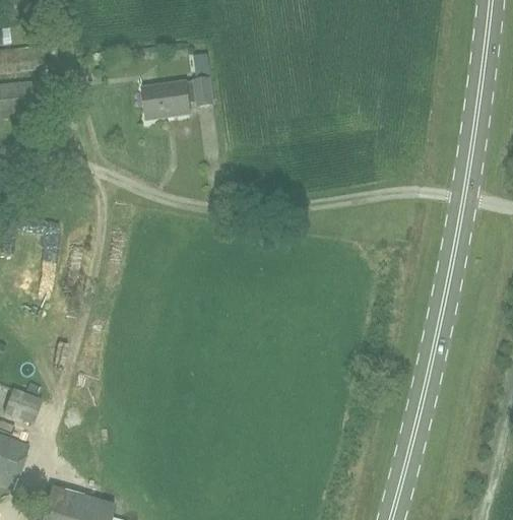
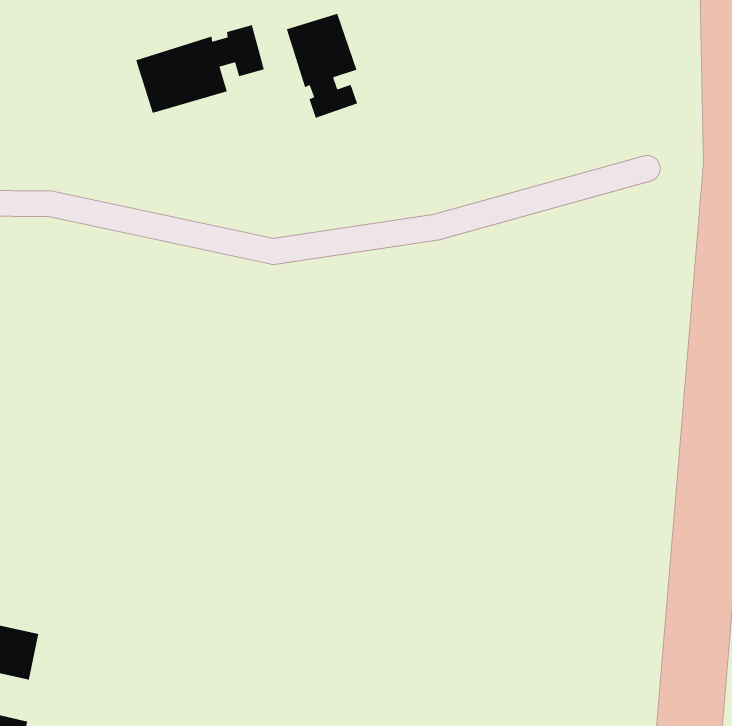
building: none -> [286,13,358,119]

